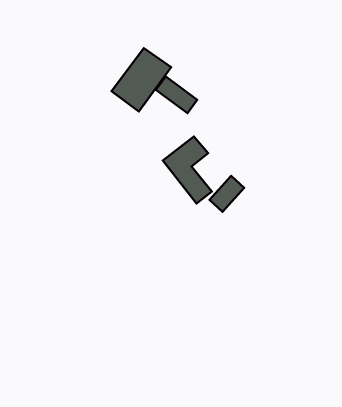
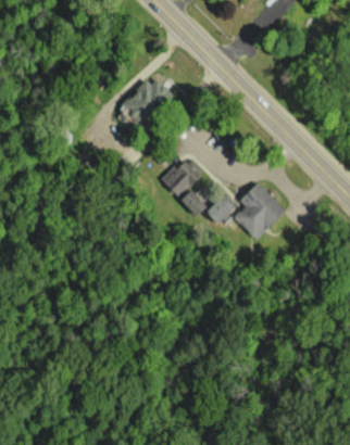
building: [156,76,197,113] -> none
building: none -> [235,182,286,239]

